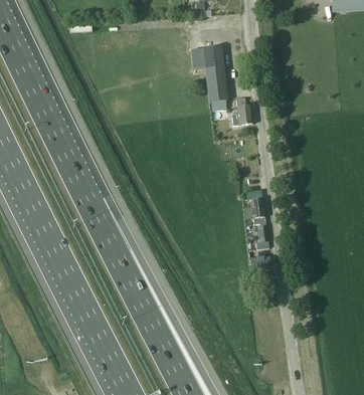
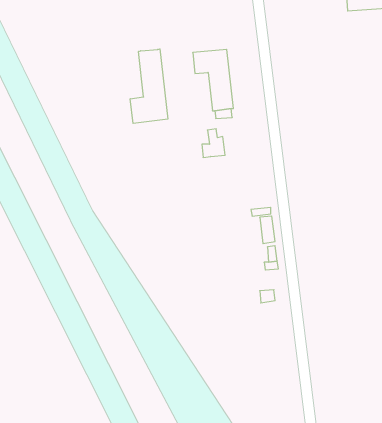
building: none -> [130,49,168,123]
building: [231,97,252,124] -> [202,129,225,157]

